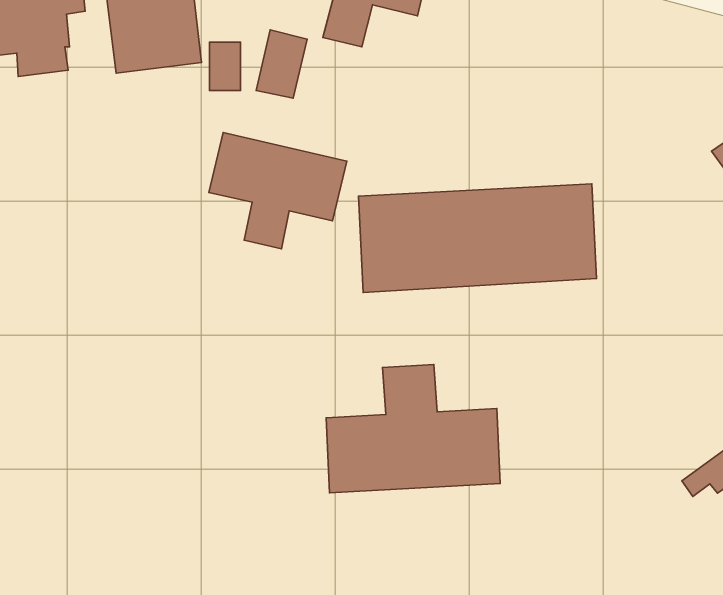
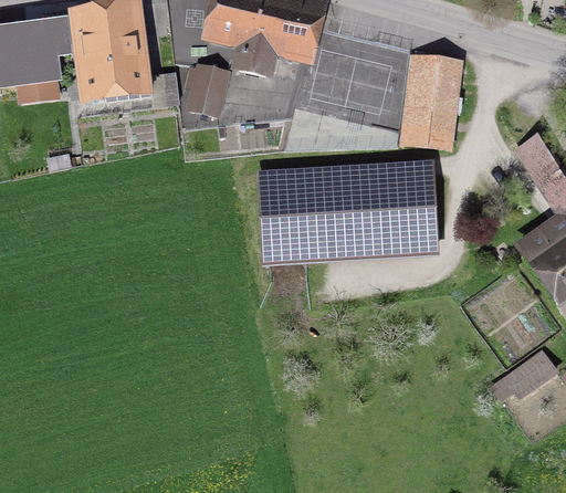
building: none -> [400,55,460,144]
building: [209,133,347,249] -> none
building: [326,365,500,493] -> none

